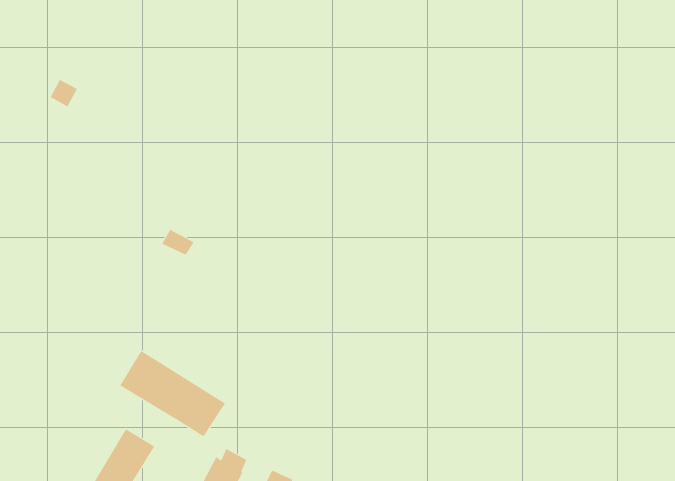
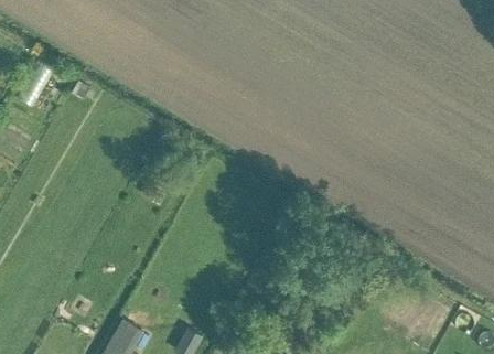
building: [119,350,226,437] -> none

